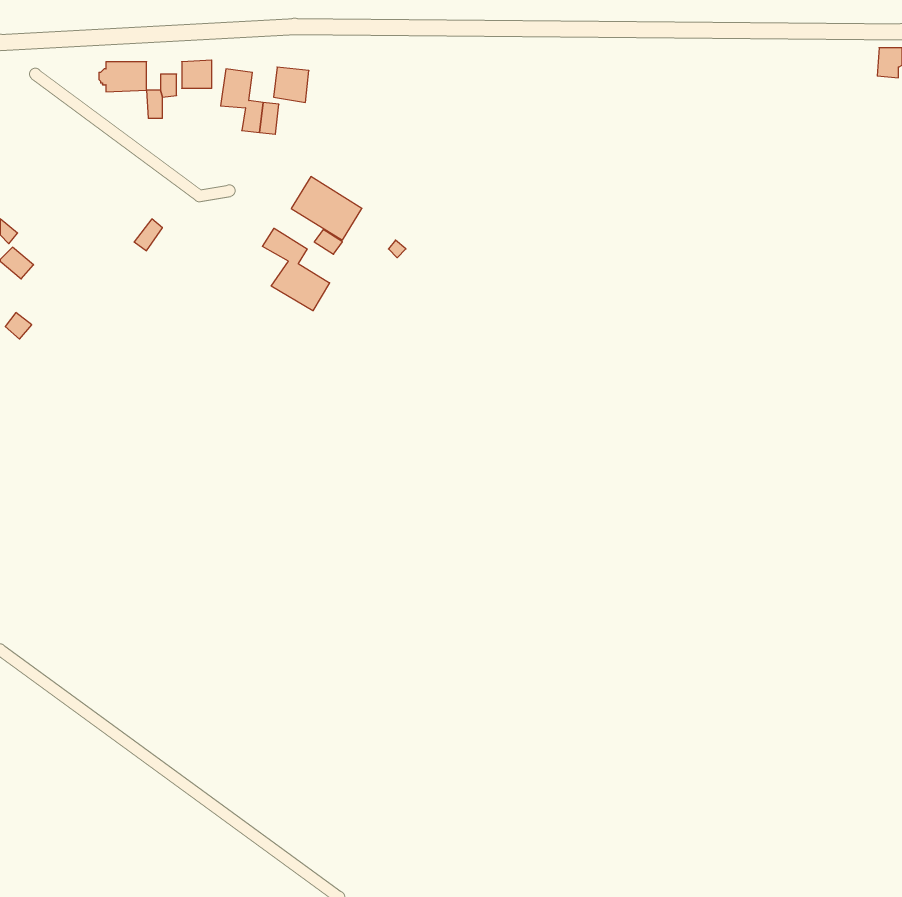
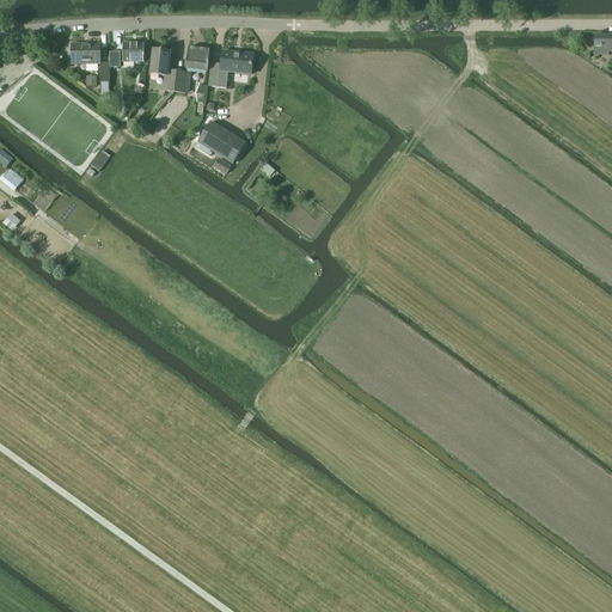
building: none -> [208,49,253,86]
building: [262,228,330,311] -> none

